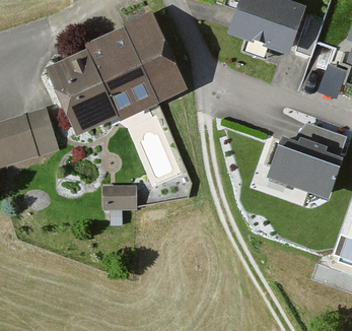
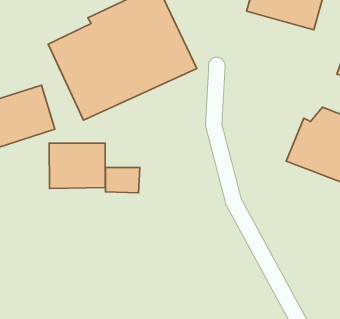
building: none -> [49,143,105,188]

